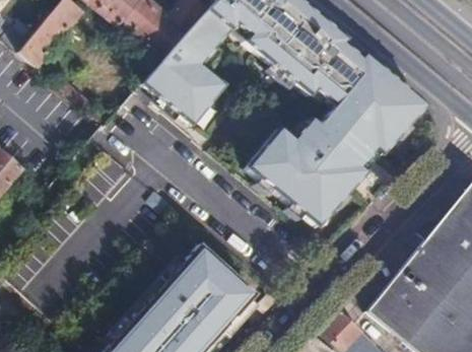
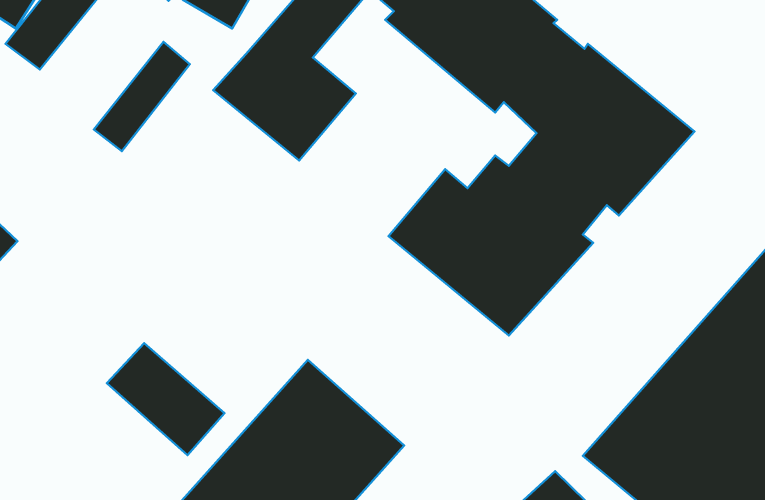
building: none -> [94,42,190,151]
building: none -> [107,343,225,455]

